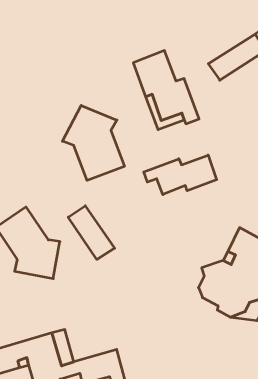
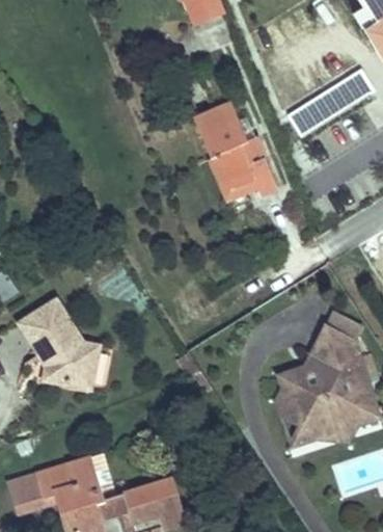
building: [62,105,124,180] -> none
building: [144,155,217,195] -> none
building: [68,206,115,259] -> none

